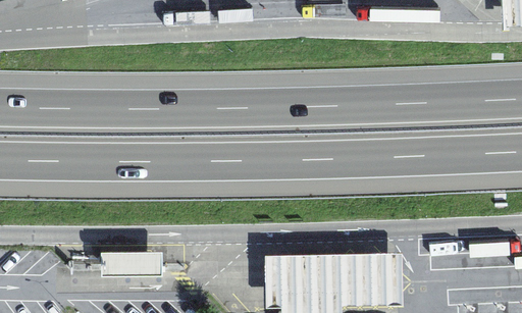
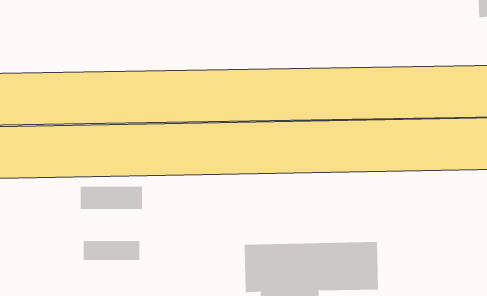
building: none -> [80,186,142,210]

